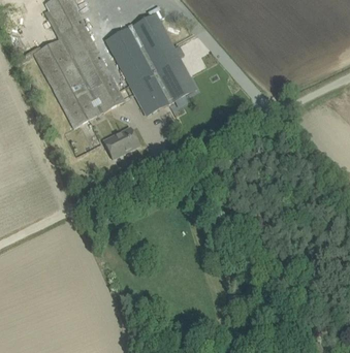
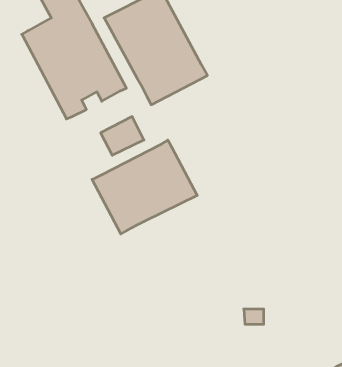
building: none -> [92,140,197,234]

